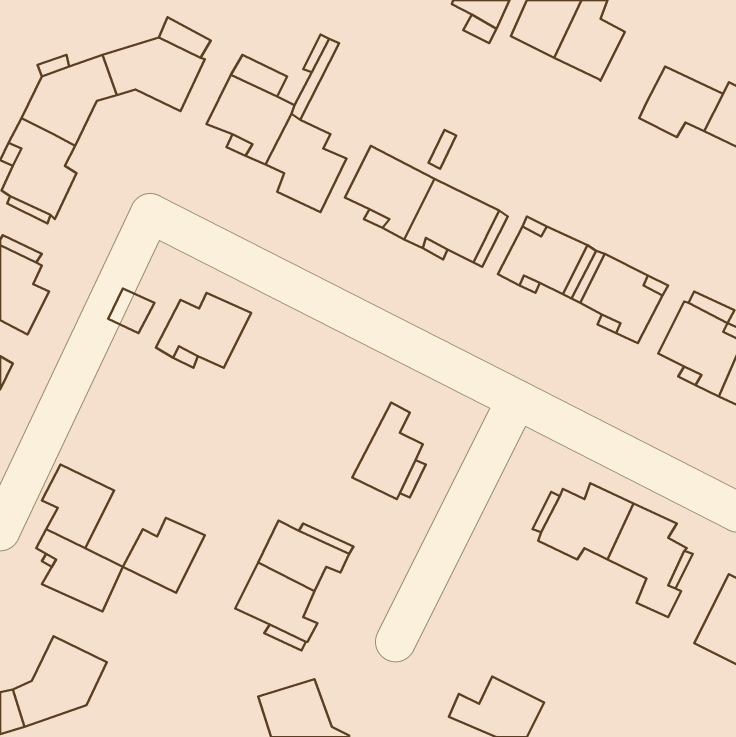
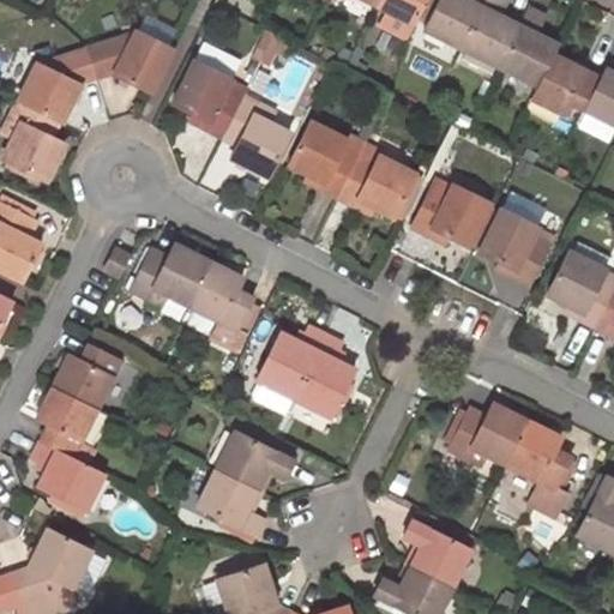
building: none -> [500,8,559,85]
building: none -> [187,260,257,350]
building: none -> [258,326,326,397]
building: [123,518,205,593] -> [52,345,120,408]
building: none -> [404,520,471,584]

